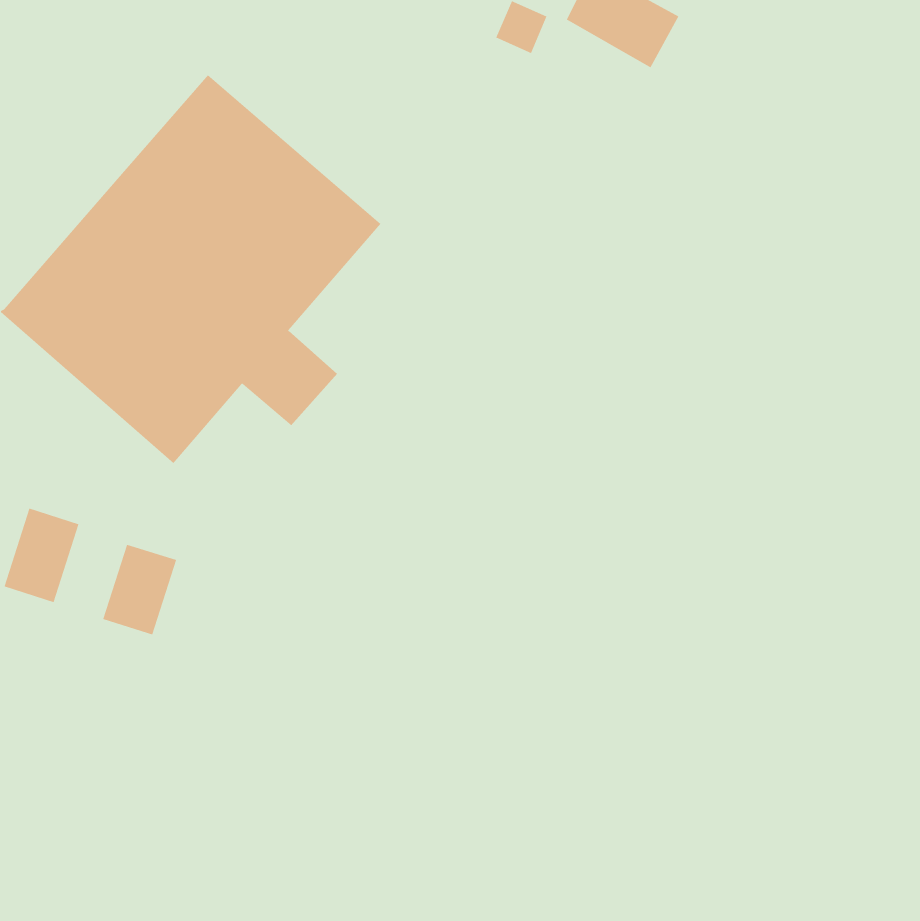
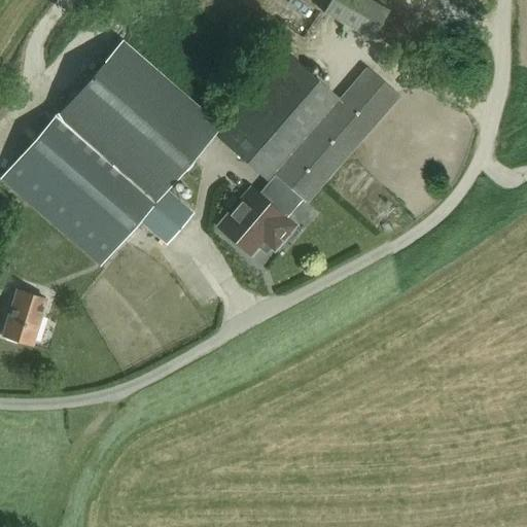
building: none -> [218,55,400,254]
building: [102,544,177,636] -> none

